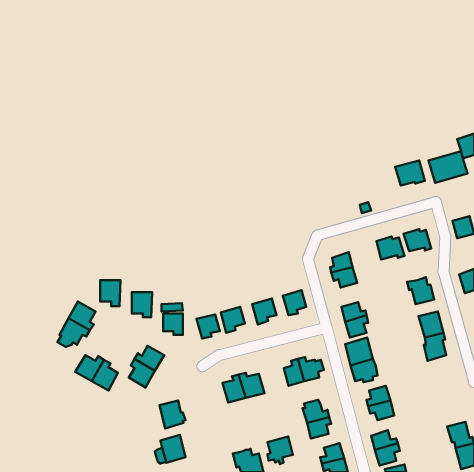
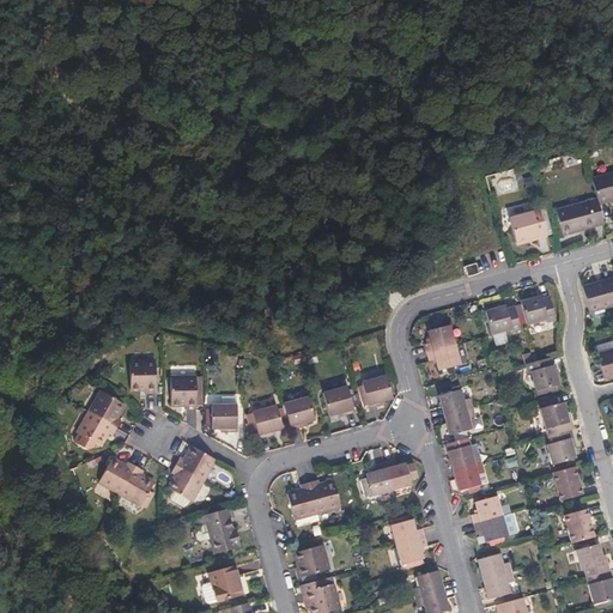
building: none -> [553,467,584,502]
building: none -> [565,510,595,545]
building: [268,436,293,464] -> [297,547,329,583]

